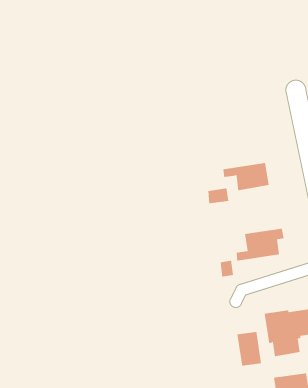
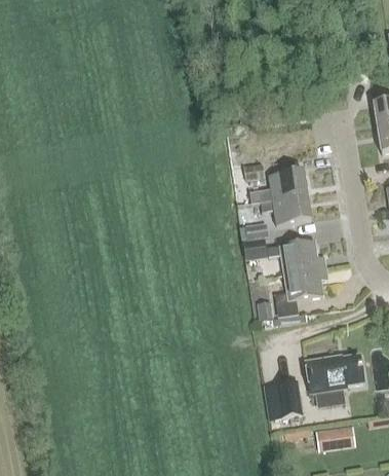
building: none -> [259,169,307,200]
building: none -> [267,239,325,271]

